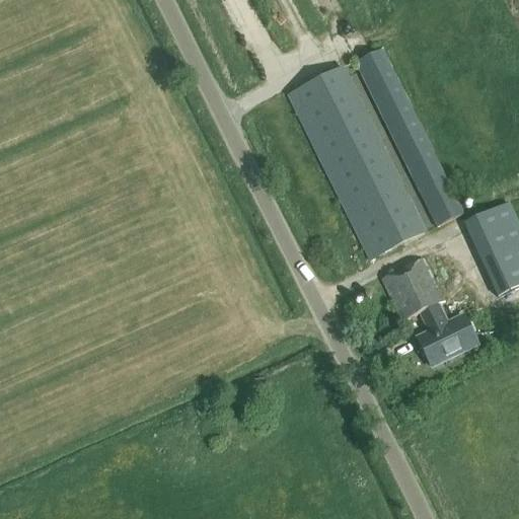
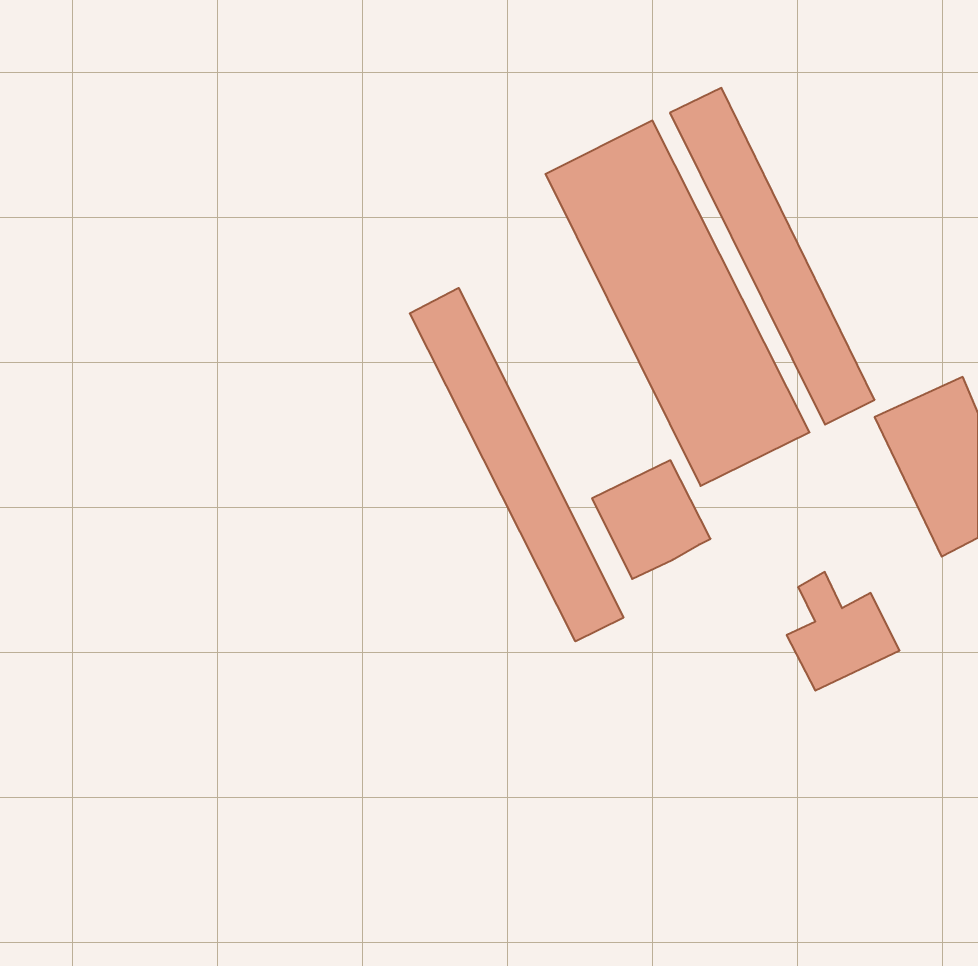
building: none -> [410,288,623,641]
building: [380,258,443,321] -> [592,460,711,579]

